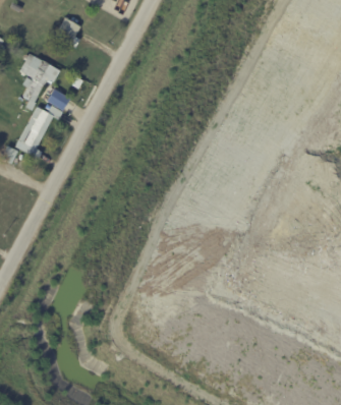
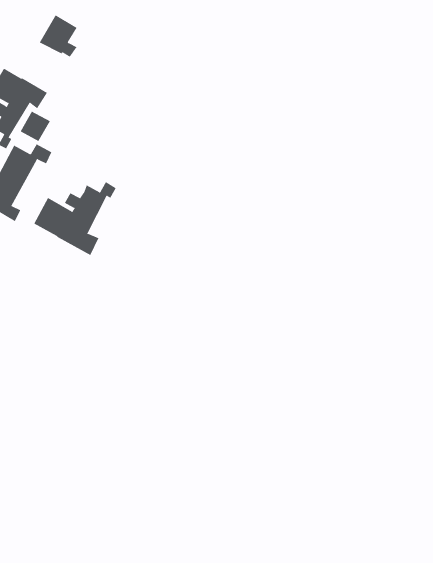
building: none -> [33,181,117,256]

